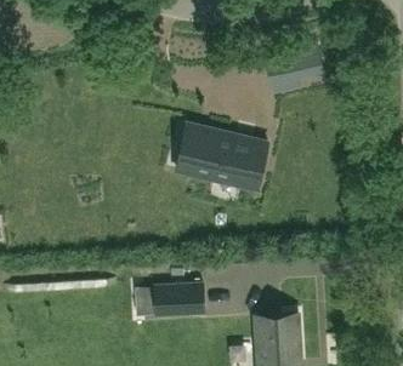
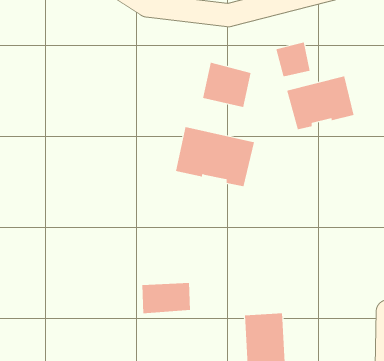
building: none -> [203,62,251,108]
building: none -> [287,76,354,130]

